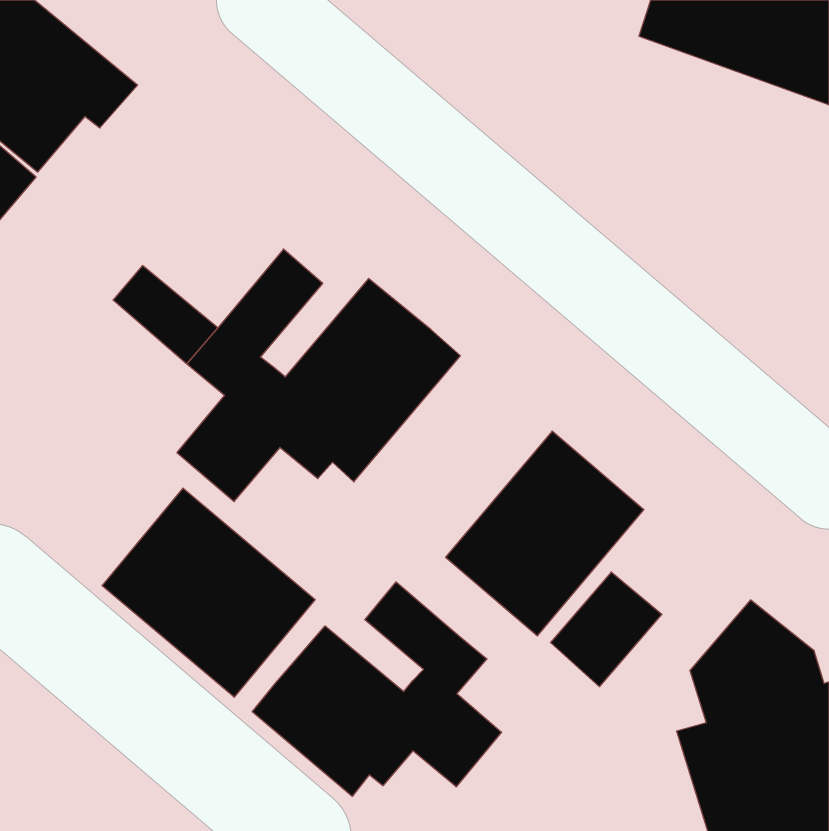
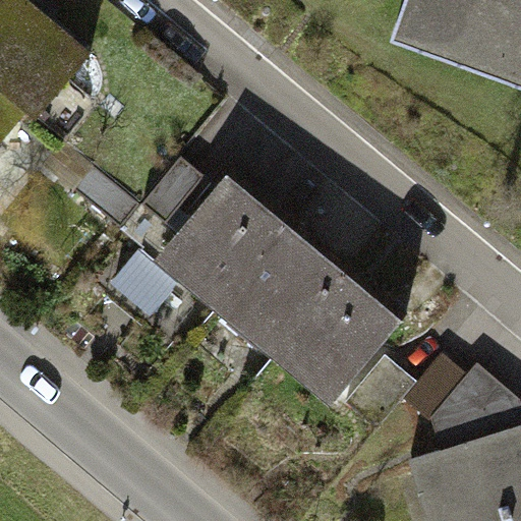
building: none -> [220,225,343,350]
building: [102,488,315,697] -> none
building: [252,582,502,796] -> none

